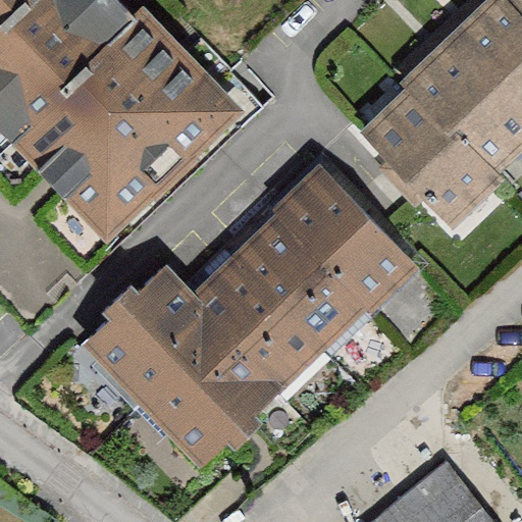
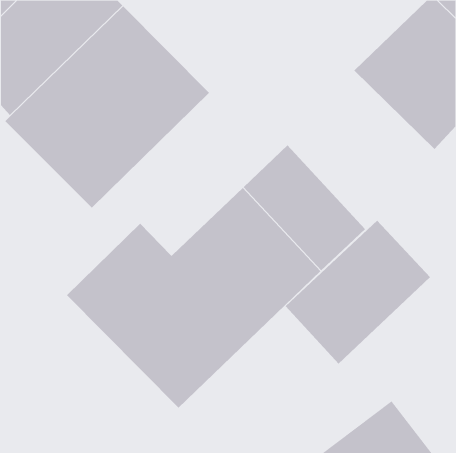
building: [363,84,497,216] -> none
building: none -> [285,220,431,365]

